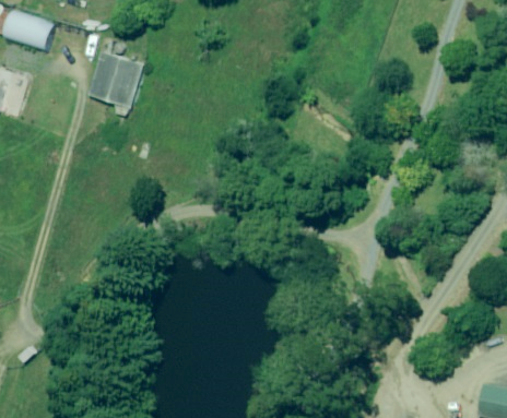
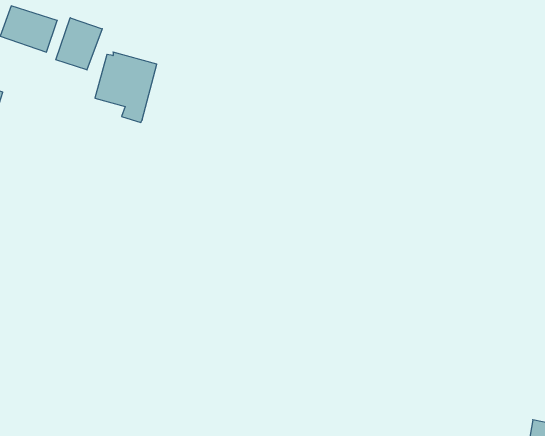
building: none -> [56,18,102,70]

